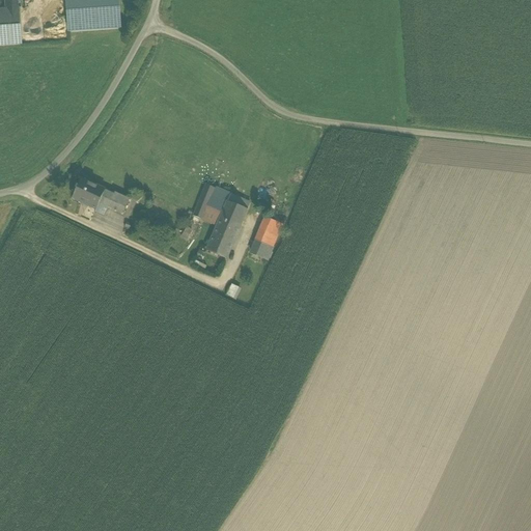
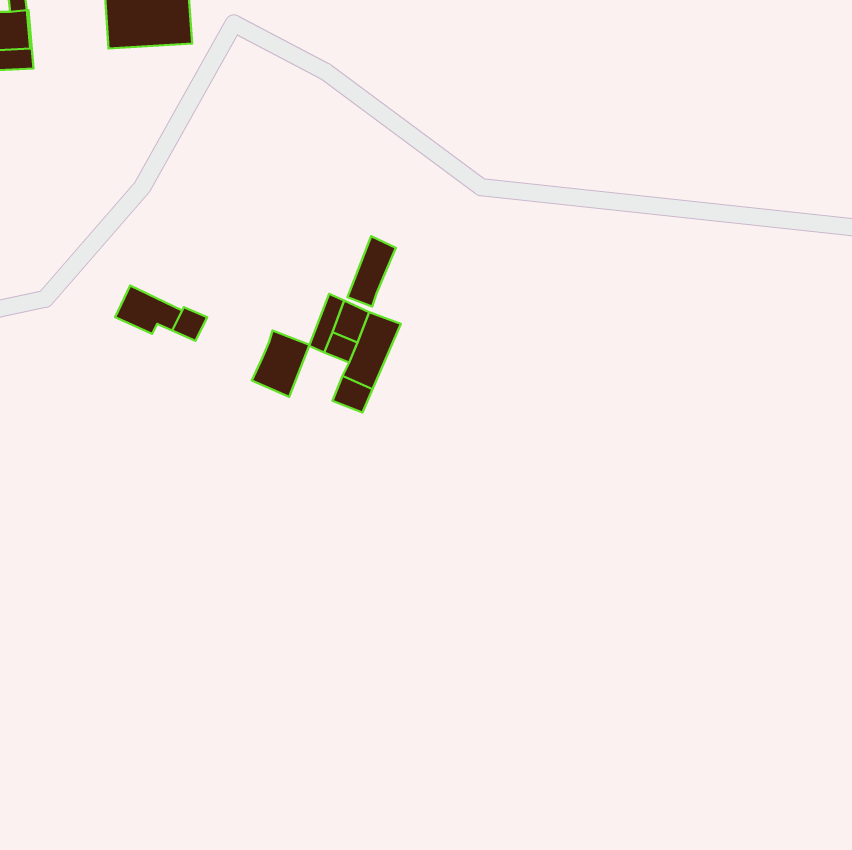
building: none -> [347,236,396,306]
building: none -> [252,331,309,397]
building: [255,217,280,246] -> none

